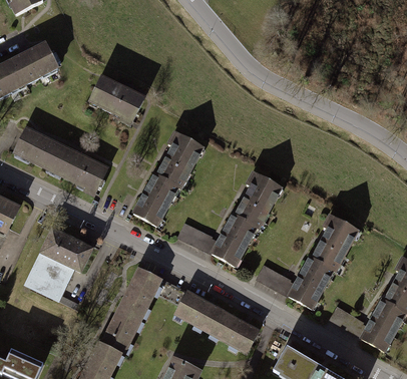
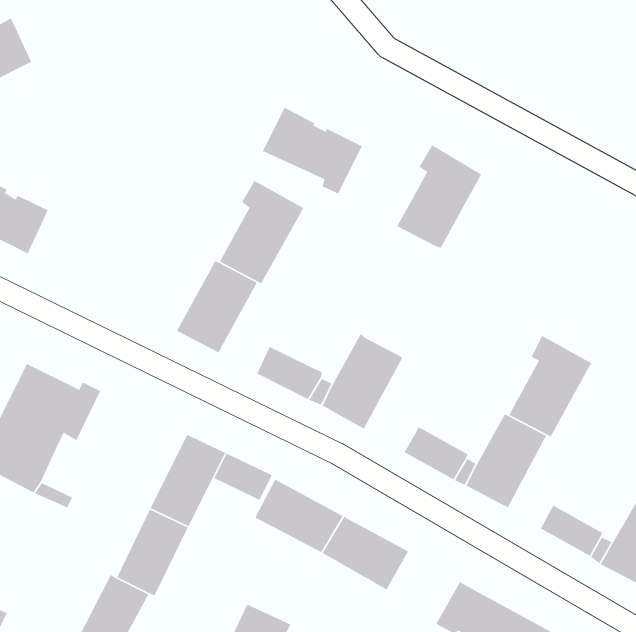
building: [89,77,143,124] -> [262,107,363,194]
building: [54,147,107,195] -> none
building: [235,171,281,228] -> [396,144,482,249]

